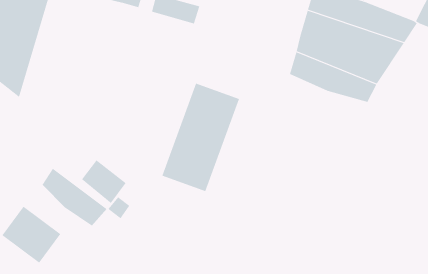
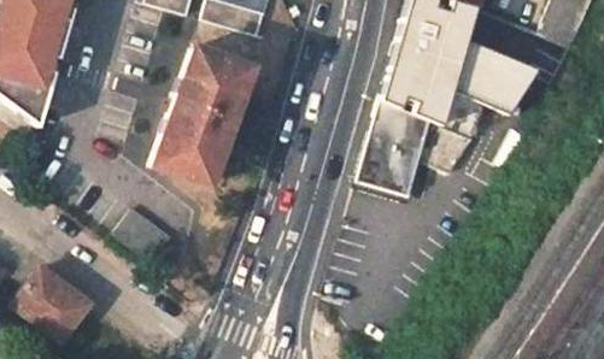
building: none -> [359,100,482,192]
building: [161,83,240,192] -> [152,48,252,187]
building: [42,168,108,227] -> none

